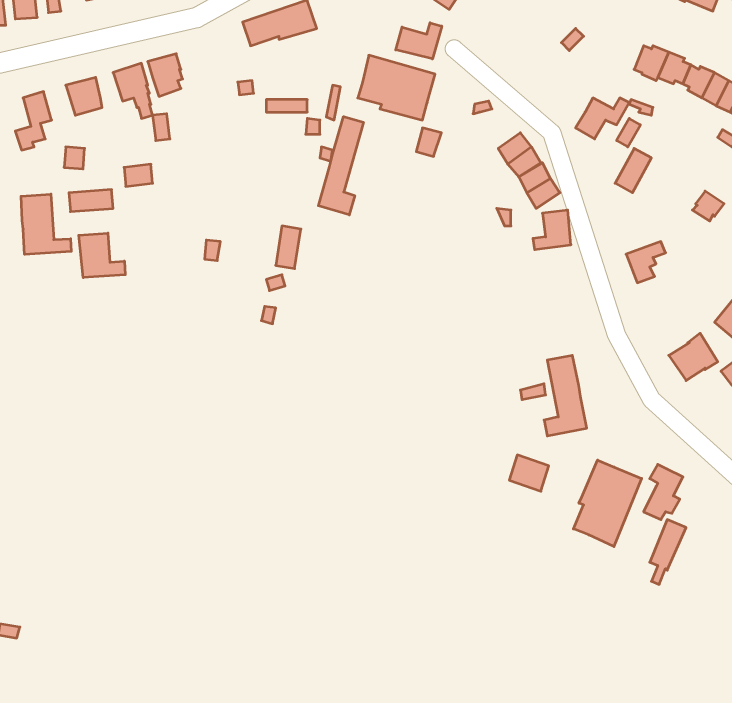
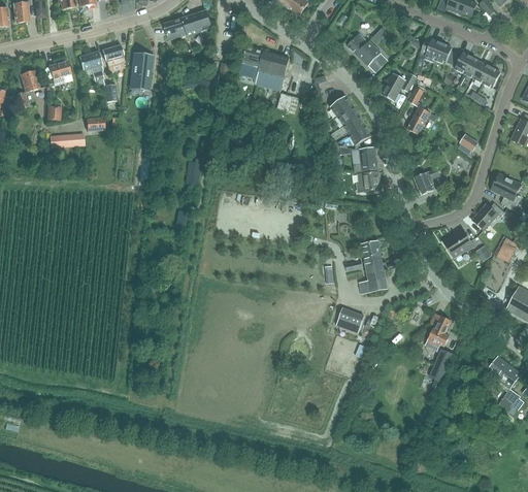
building: [396,23,442,59] -> none
building: none -> [346,33,387,71]
building: none -> [129,53,153,90]
building: [318,117,363,215] -> none
building: [21,194,71,254] -> none
building: [79,233,125,278] -> none
building: none -> [351,171,381,191]
building: [573,460,642,547] -> none

